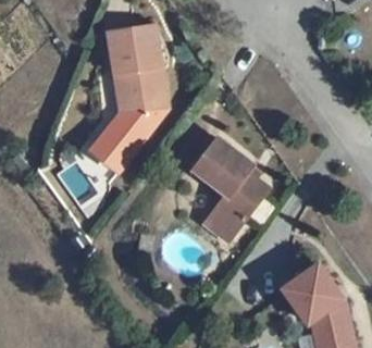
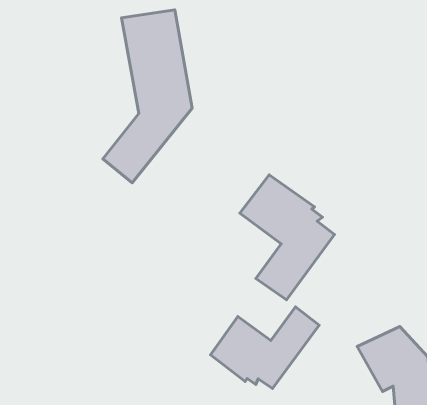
building: none -> [210,307,319,389]

